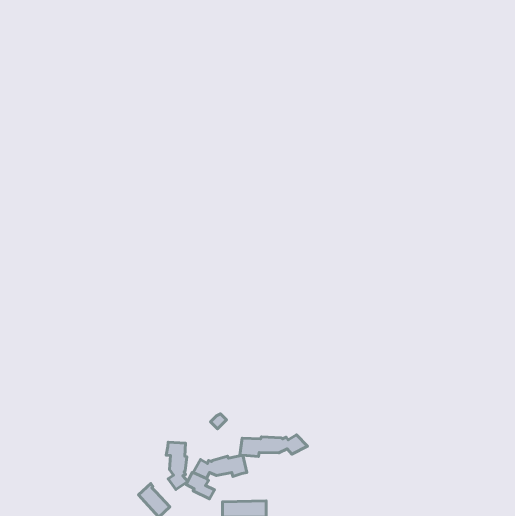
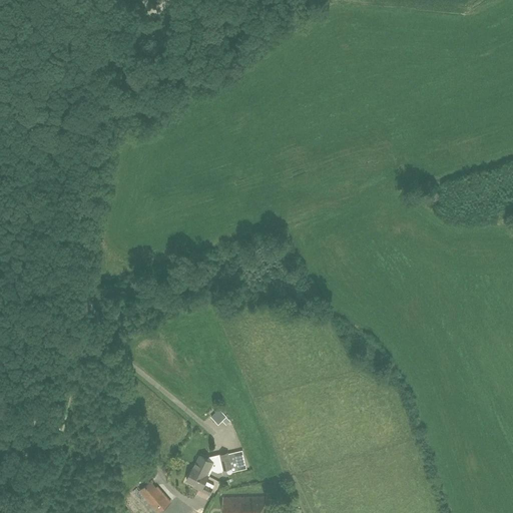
building: [240,435,308,457] -> none
building: [166,442,188,490] -> none

